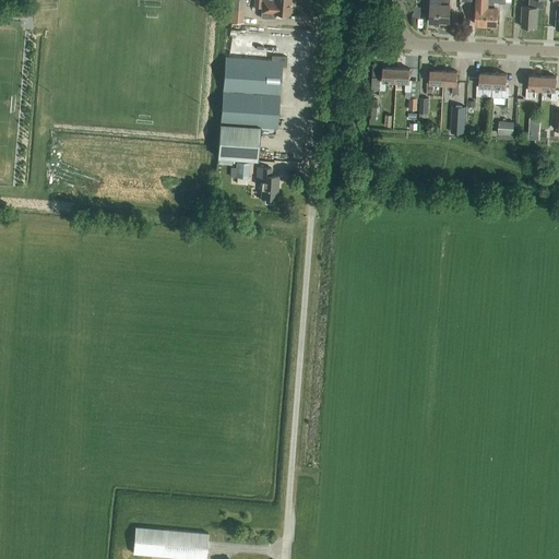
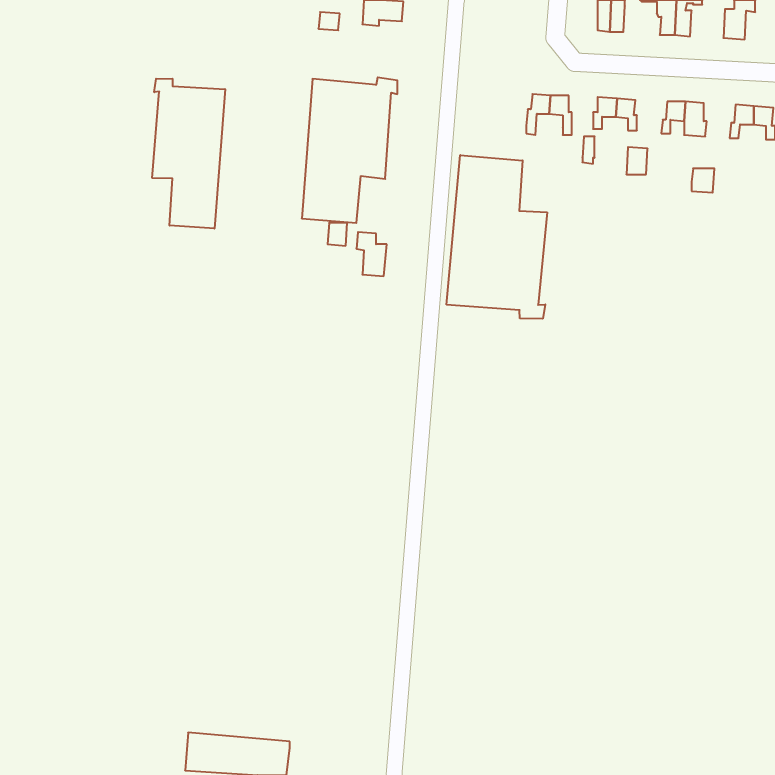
building: none -> [152,79,225,229]
building: none -> [447,155,547,319]

